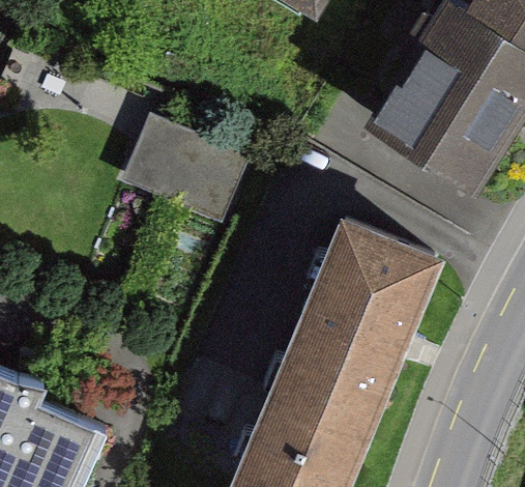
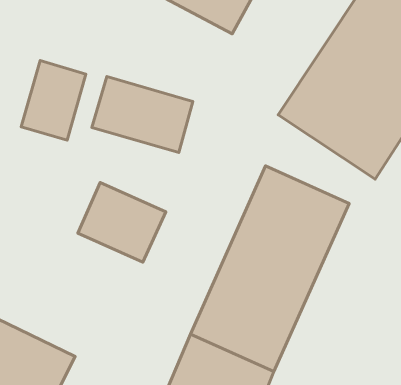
building: none -> [21,61,86,140]
building: none -> [78,182,166,262]

